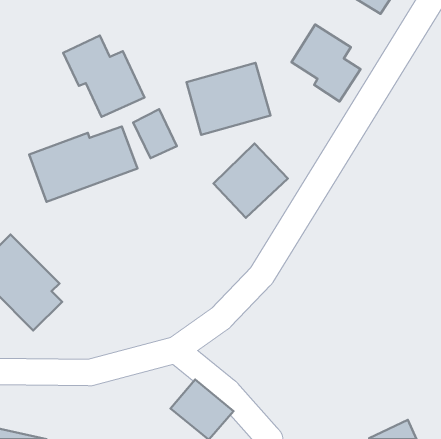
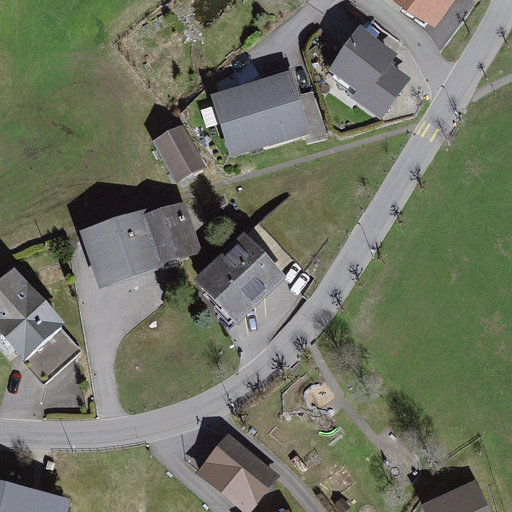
building: [63,35,144,117] -> none
building: [29,127,138,202] -> [77,202,201,288]
building: [213,143,288,218] -> [199,235,284,320]

